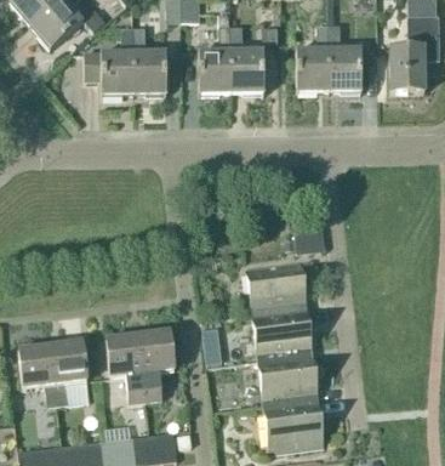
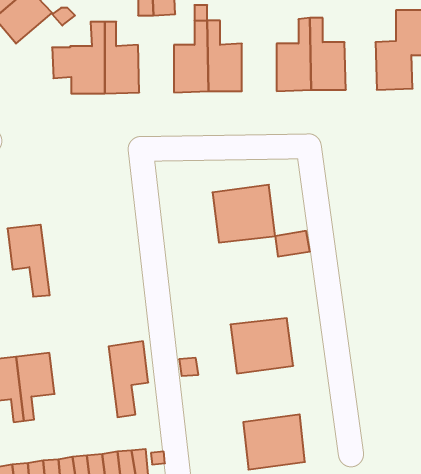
building: [246,260,306,314] -> [212,185,275,243]
building: [105,335,146,403] -> [7,225,50,297]
building: [258,353,318,407] -> none

